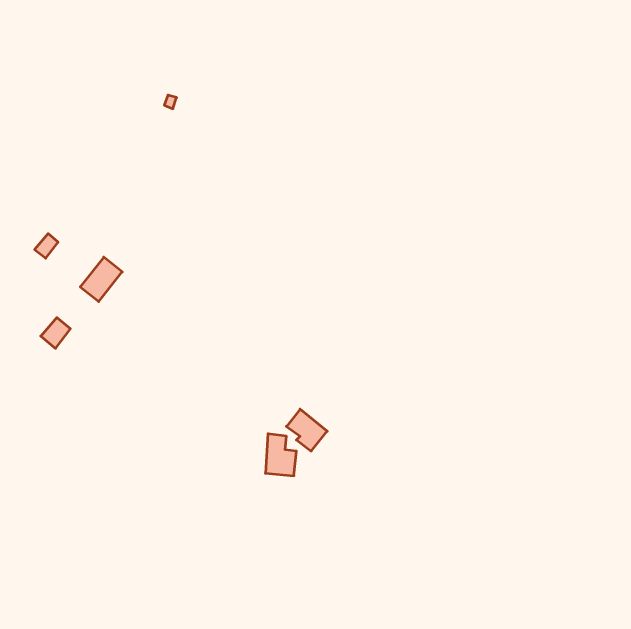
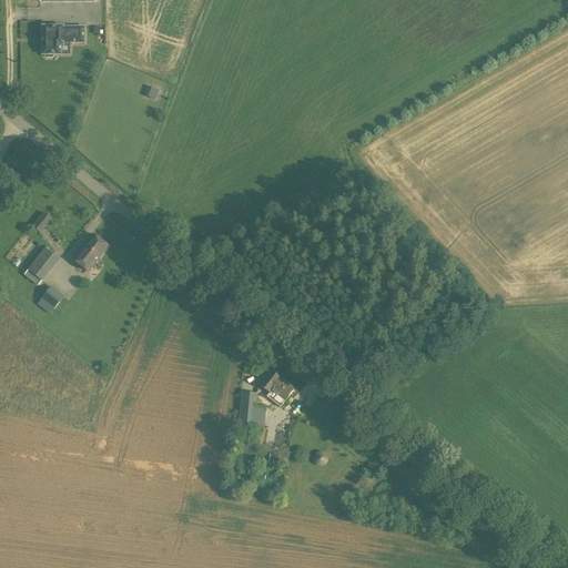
building: none -> [42,24,84,57]
building: none -> [28,246,60,280]

